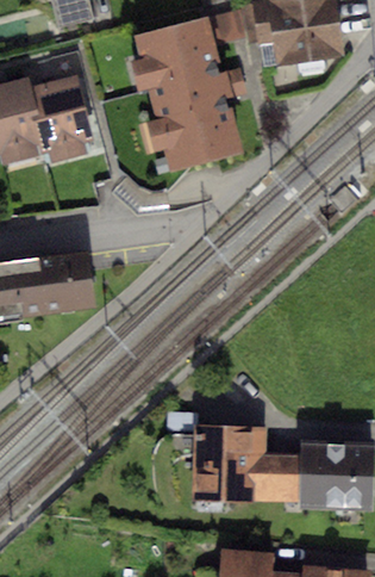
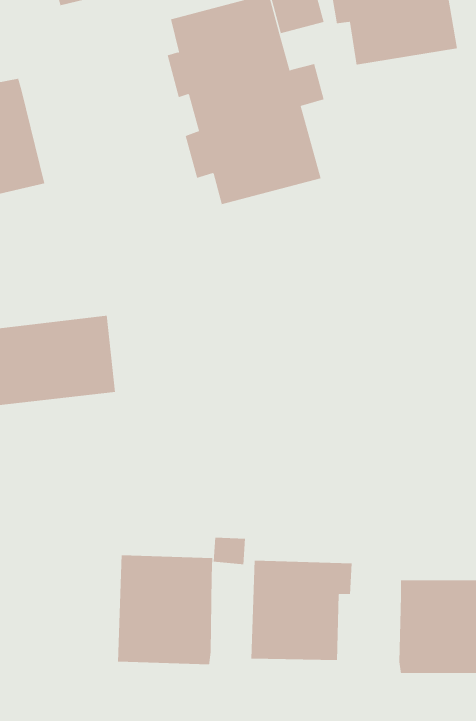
building: [27,74,93,162] -> none
building: none -> [117,554,213,665]
building: [256,453,301,502] -> none

